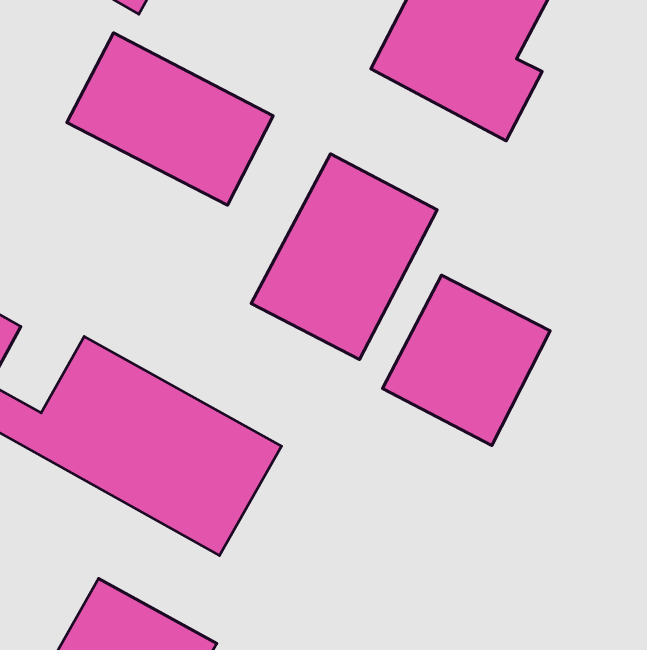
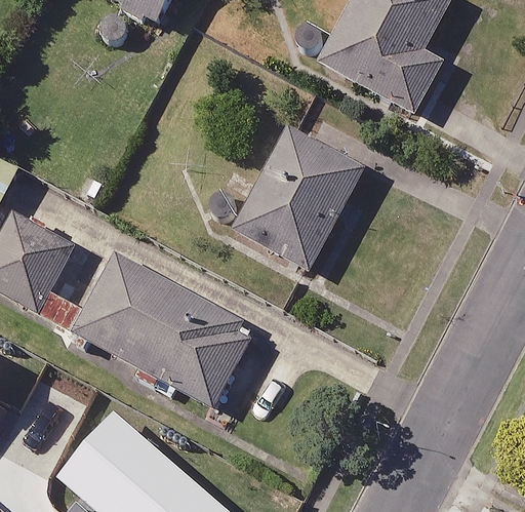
building: [67,33,273,205] -> none
building: [382,275,550,445] -> none

